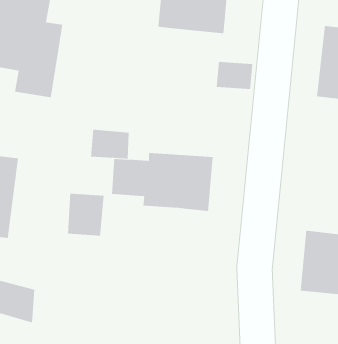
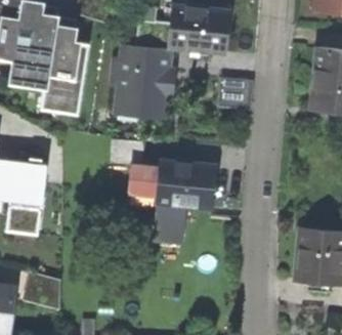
building: none -> [109,45,177,121]
building: [67,193,104,236] -> [154,207,186,245]

